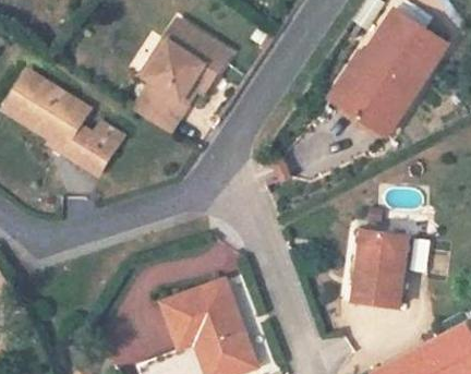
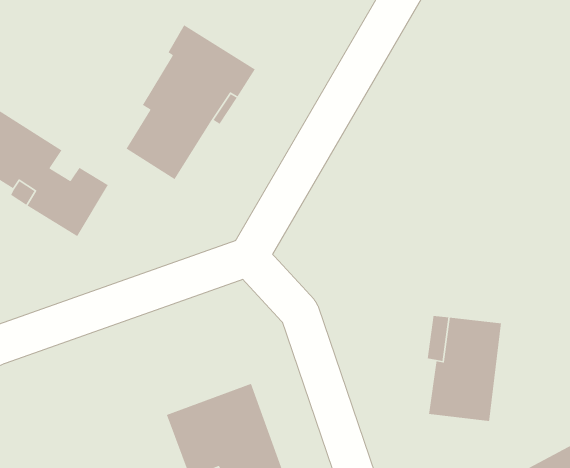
building: [330,10,447,135] -> none

